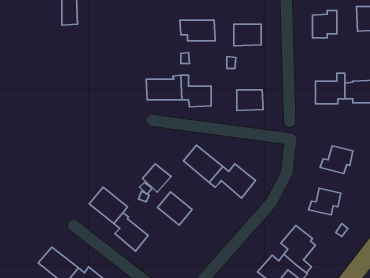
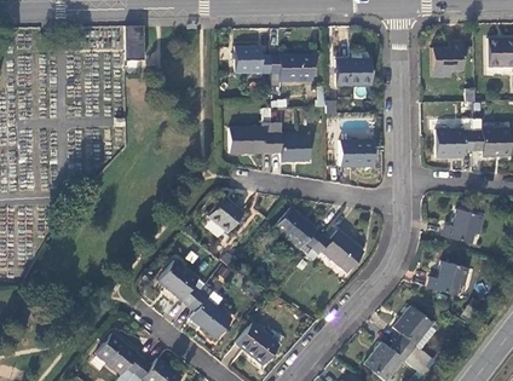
building: none -> [236,45,271,73]
building: [143,164,171,192] -> [208,196,243,231]
building: [158,192,192,225] -> [236,323,278,364]

